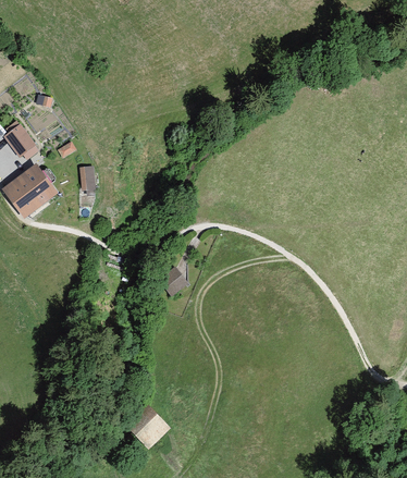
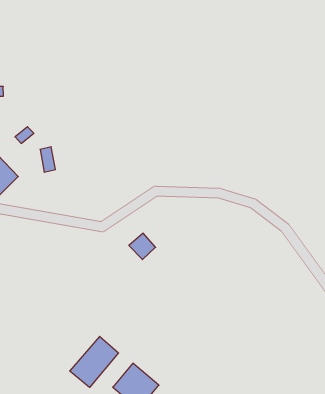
building: none -> [70,336,119,387]

